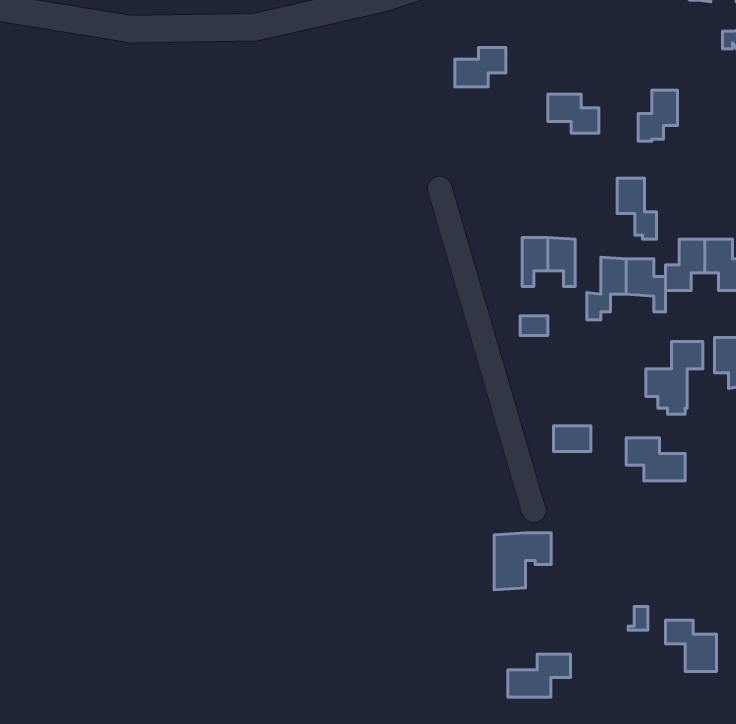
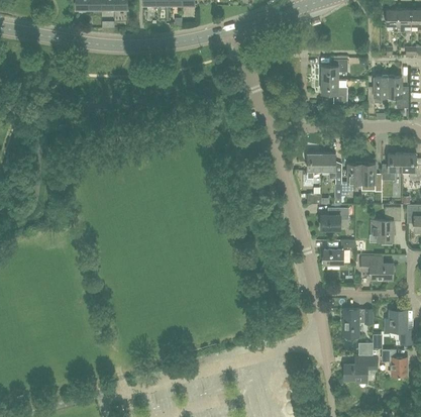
building: [455,47,506,87] -> [320,59,346,79]
building: [617,178,656,239] -> [387,77,407,108]
building: none -> [320,207,347,229]
building: [494,533,551,590] -> [342,308,372,337]
building: none -> [385,310,411,343]
building: [508,654,571,697] -> [343,356,376,379]

